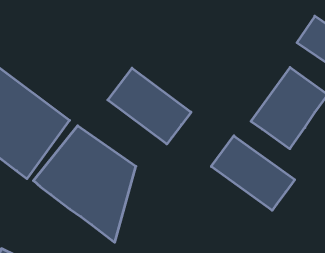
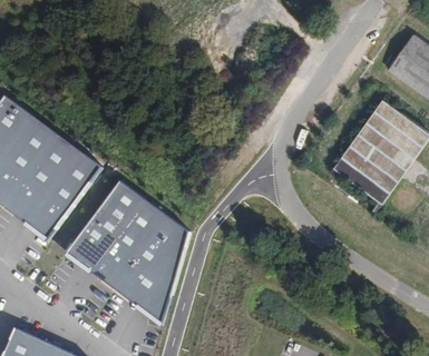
building: [108,68,191,144] -> none
building: [211,136,295,210] -> none

